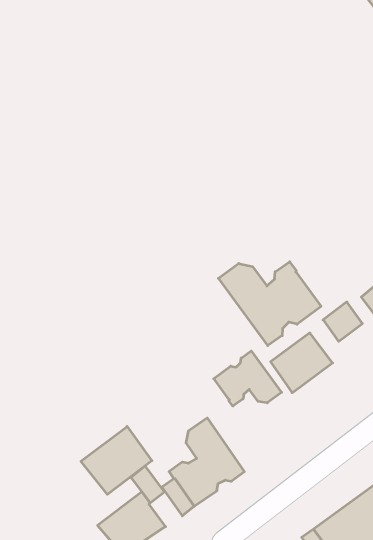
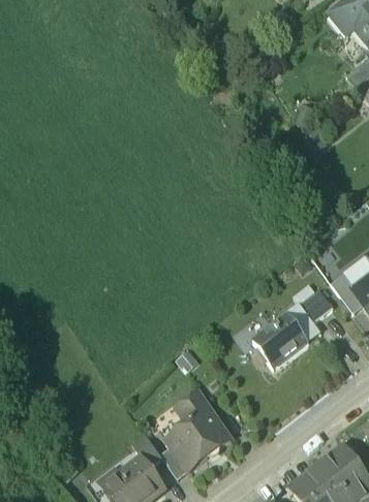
building: [218,262,321,346] -> none
building: [214,351,282,406] -> none
building: [81,426,152,494] -> none

